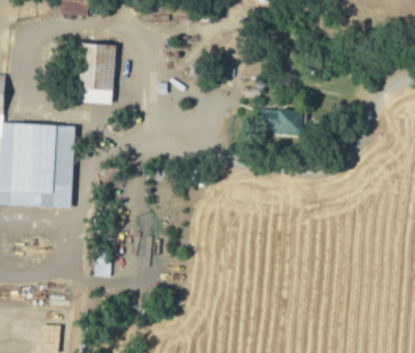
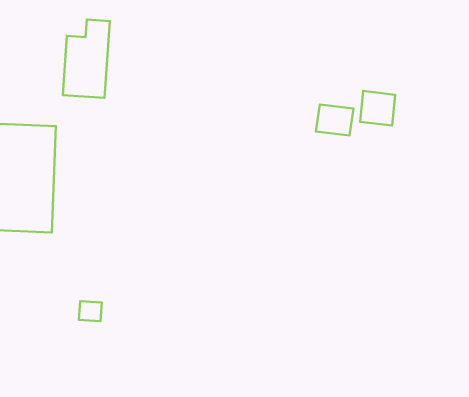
building: none -> [360,91,395,126]

